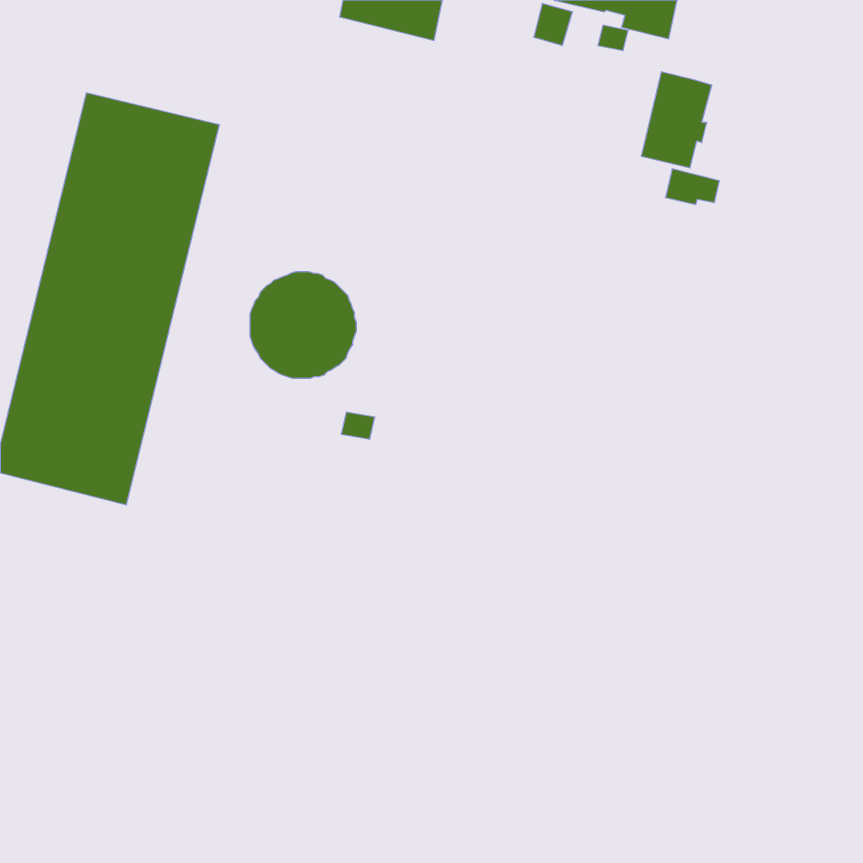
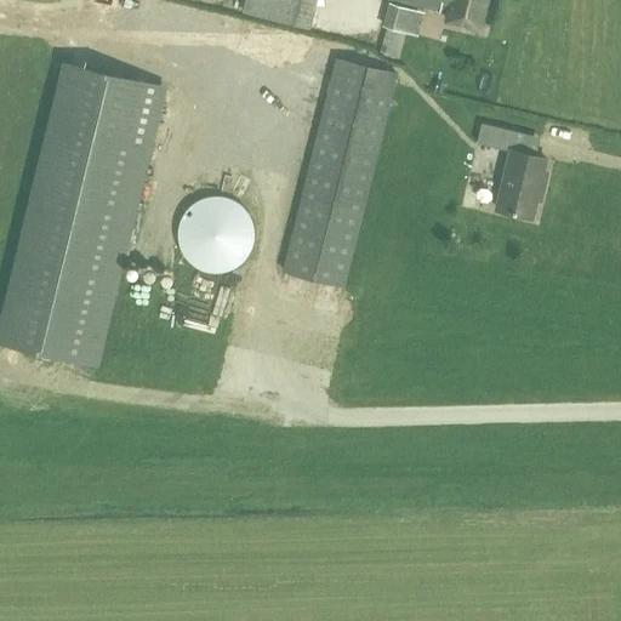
building: [641,72,712,168] -> [497,148,548,217]
building: none -> [289,62,397,286]

